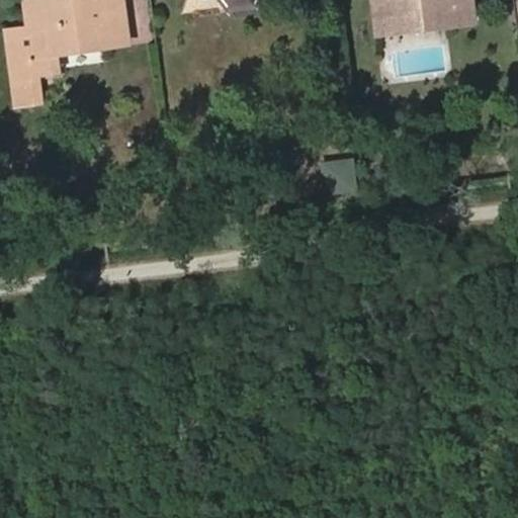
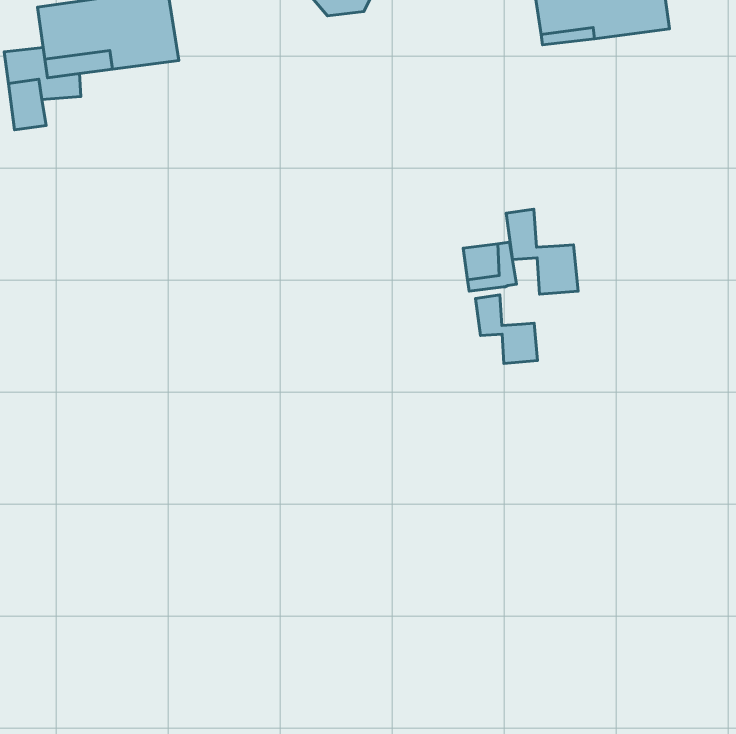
building: none -> [506,209,578,294]
building: none -> [475,295,538,363]

